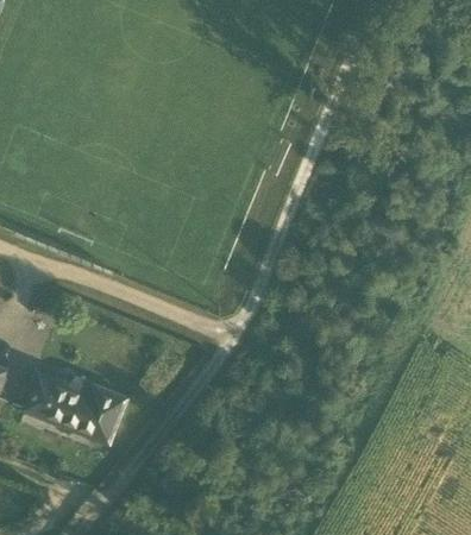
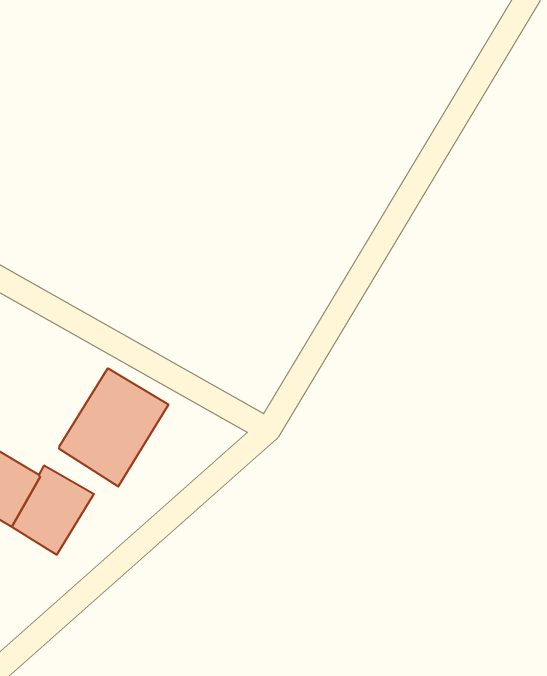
building: none -> [59,368,168,487]

